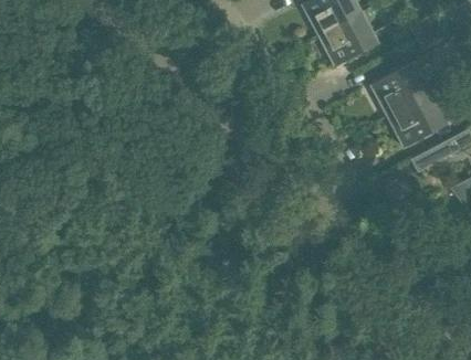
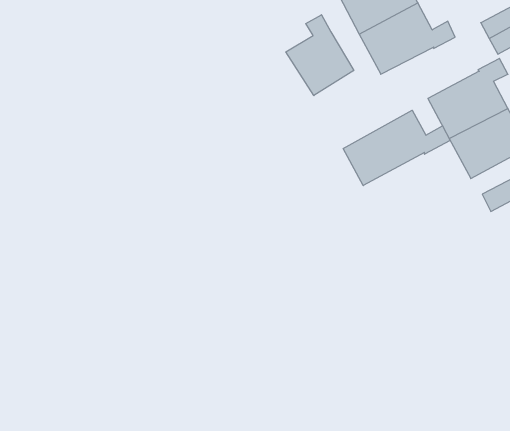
building: none -> [286,15,354,96]
building: none -> [343,110,450,186]

